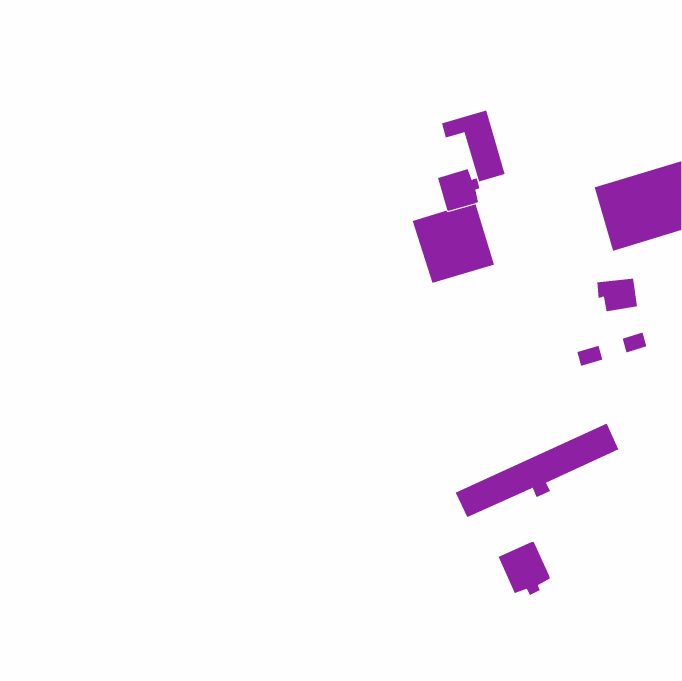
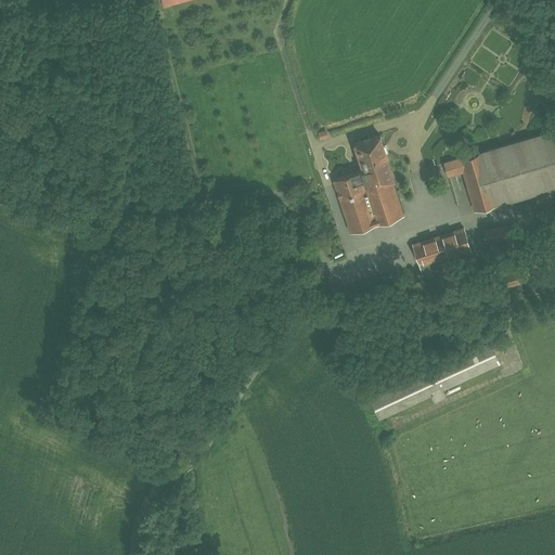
building: [441,110,505,182] -> [444,154,496,212]
building: none -> [412,230,474,273]
building: [498,541,551,596] -> none

